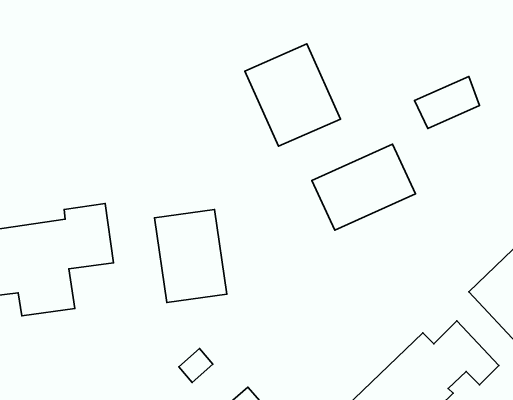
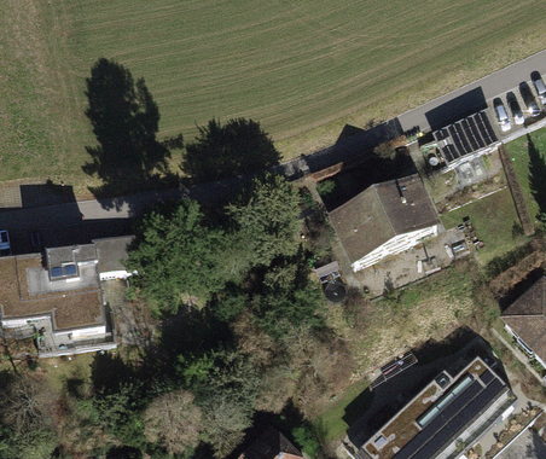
building: [245,44,341,146] -> none
building: [154,210,227,302] -> none

